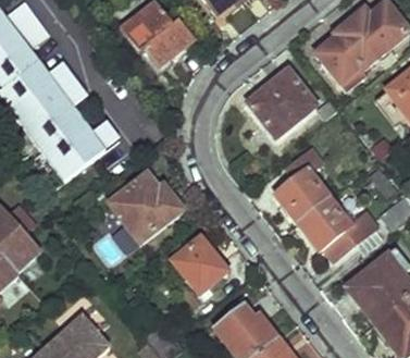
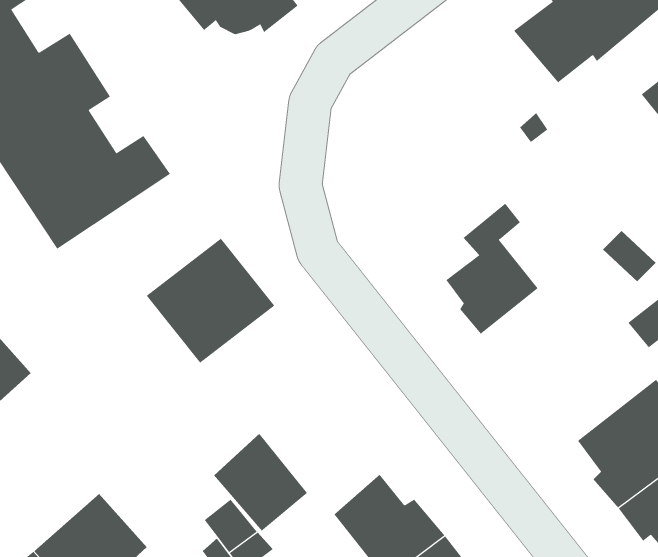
building: [251,71,315,137] -> none
building: [297,198,376,262] -> none
building: [173,236,226,292] -> [213,433,308,531]

